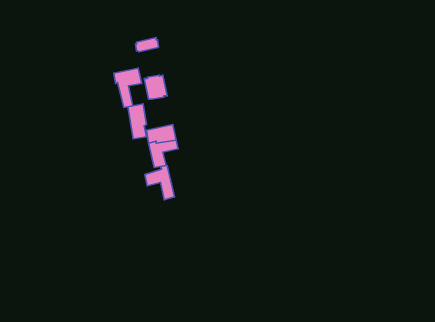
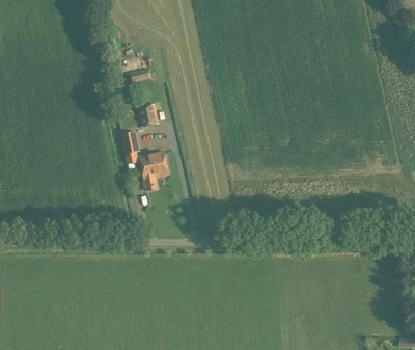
building: [114,68,142,108] -> none
building: [145,165,174,200] -> none

